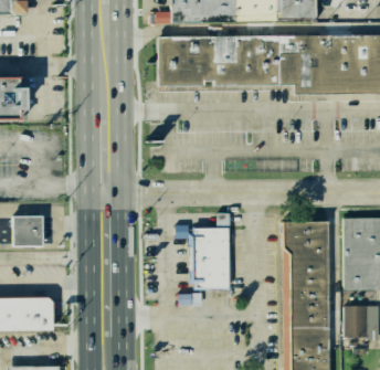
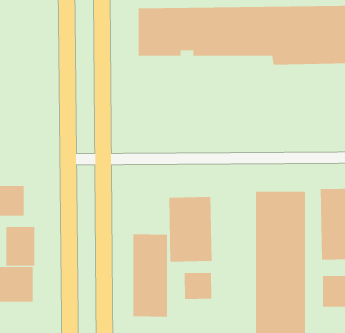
building: none -> [6,226,35,267]
building: none -> [133,234,167,317]
building: none -> [184,272,212,300]

